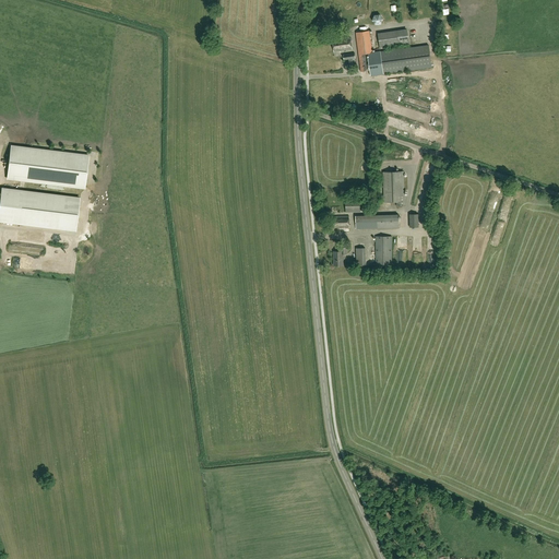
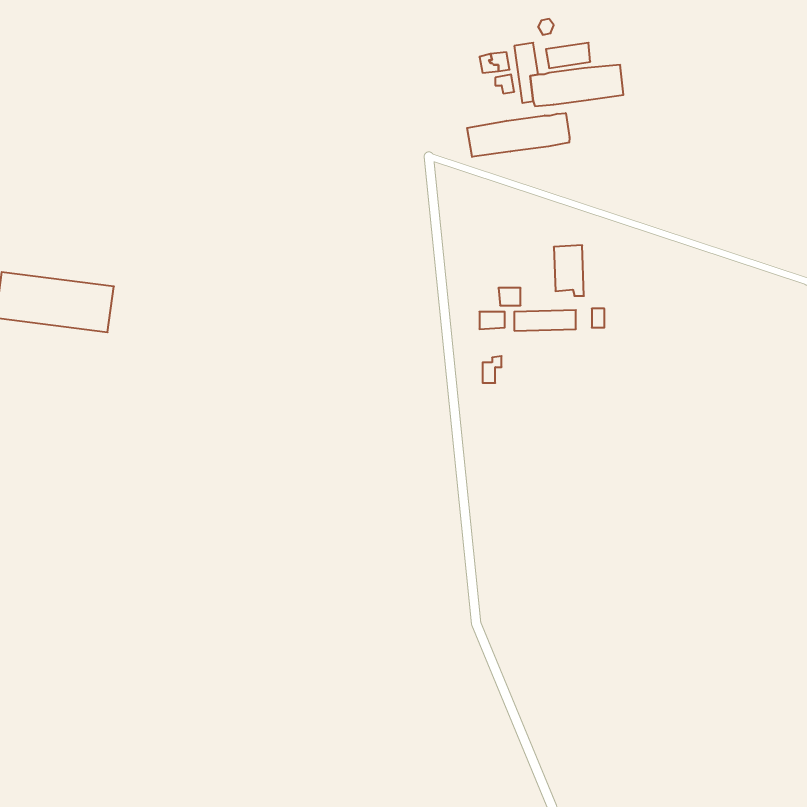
building: none -> [467,113,569,157]
building: [5,144,88,188] -> none
building: [374,235,391,264] -> none

